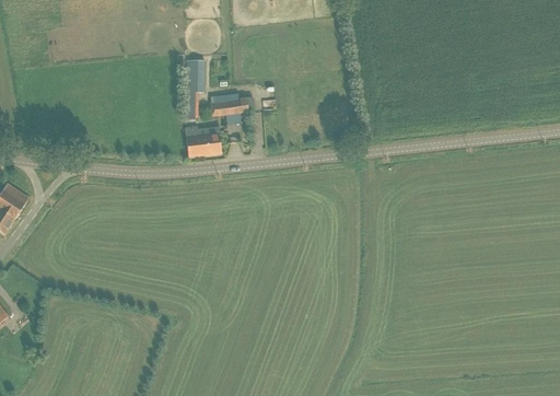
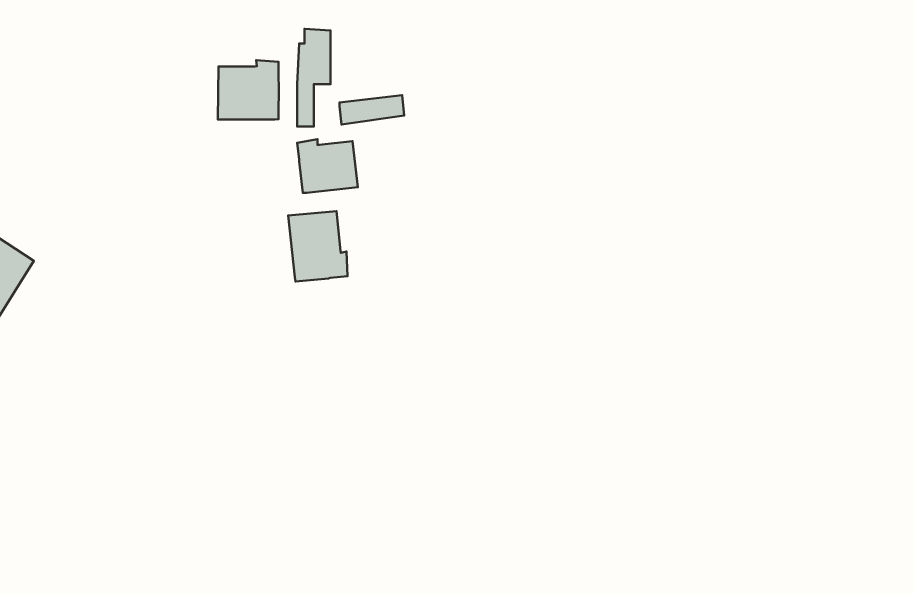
building: none -> [218,60,279,120]
building: none -> [288,211,348,282]

